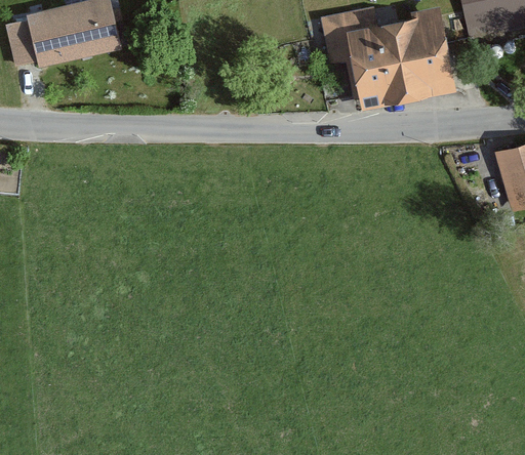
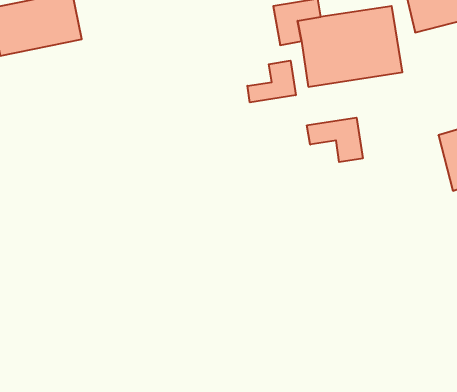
building: none -> [247,61,296,102]
building: none -> [307,118,363,162]

